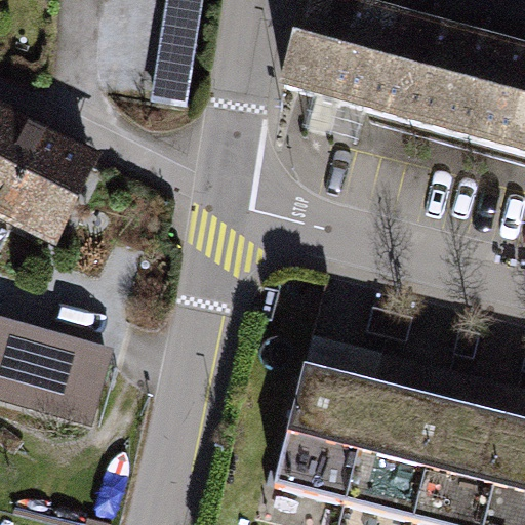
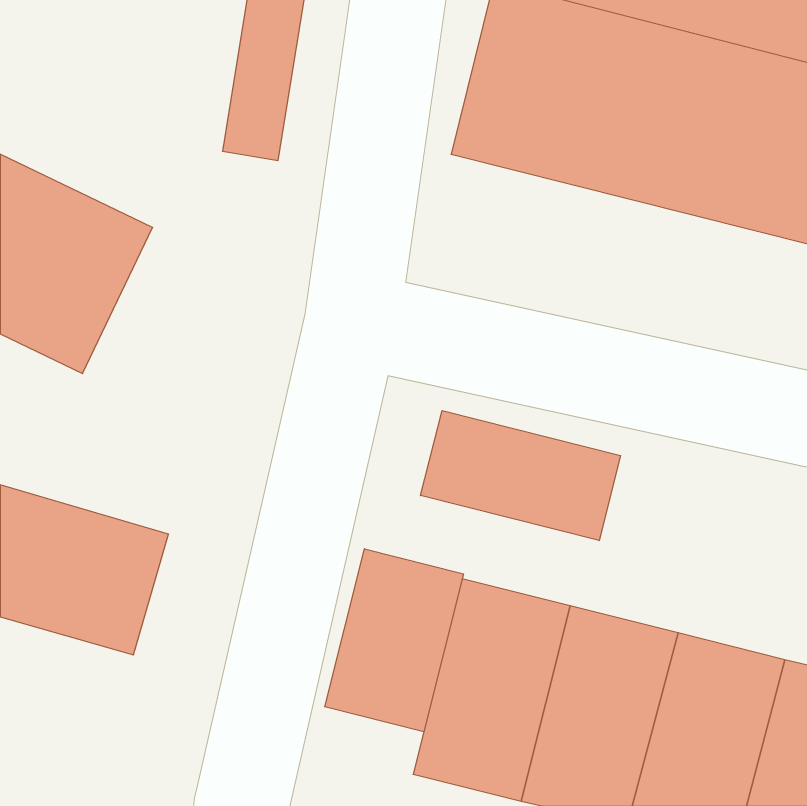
building: none -> [421,411,621,541]
building: none -> [325,549,463,732]

